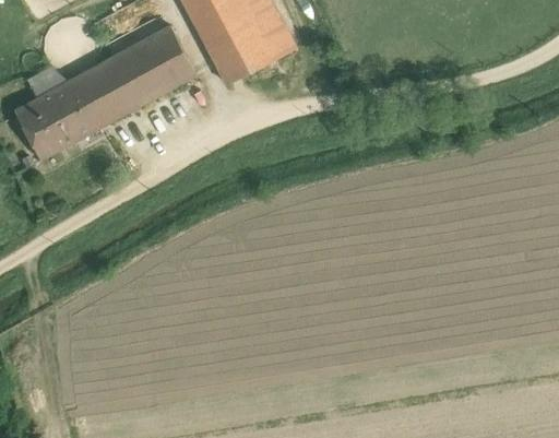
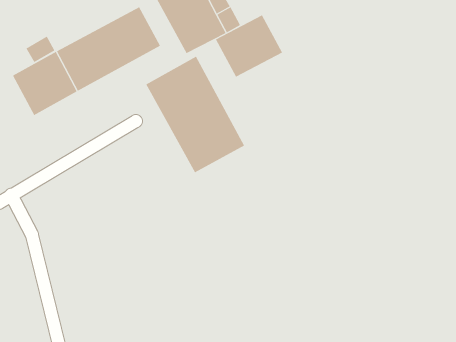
building: none -> [215,15,283,77]
building: none -> [145,56,245,173]

